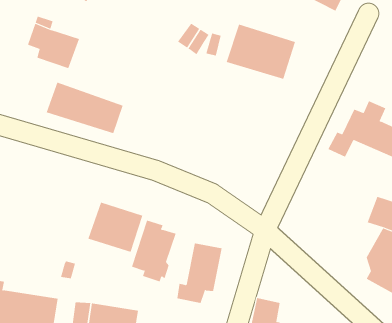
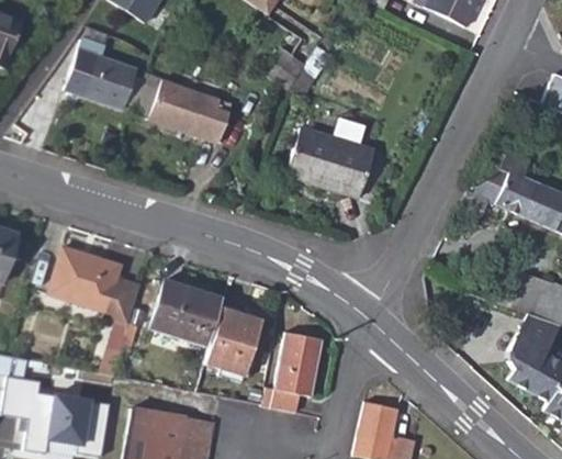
building: [226,24,296,79] -> [286,126,376,198]
building: [46,82,123,134] -> [133,74,233,141]
building: none -> [48,247,140,324]

